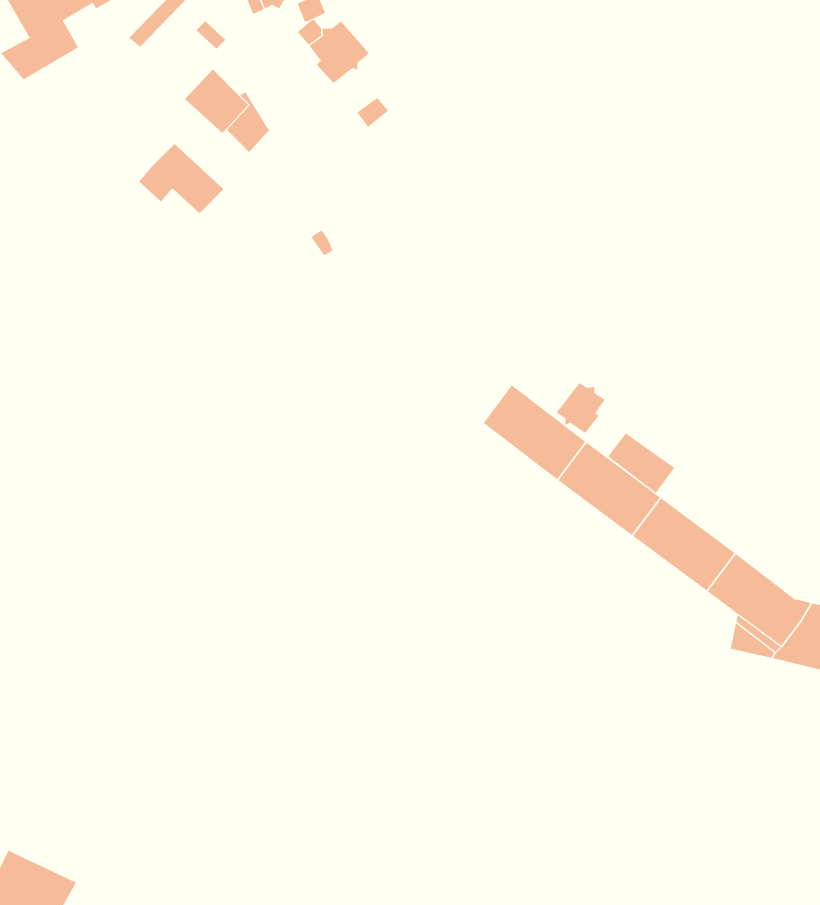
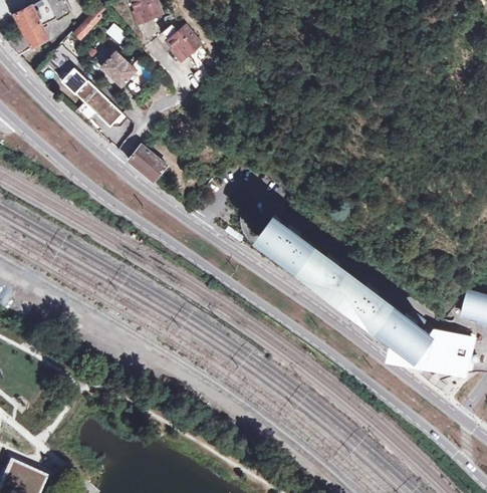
building: none -> [59,68,97,103]
building: none -> [128,144,165,181]
building: [556,382,606,434] -> none
building: [608,433,675,494] -> none

